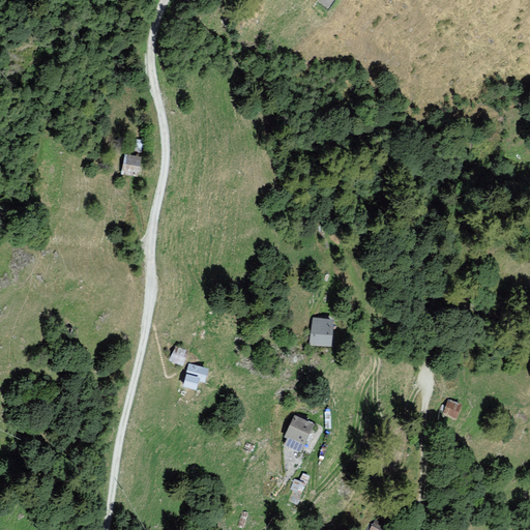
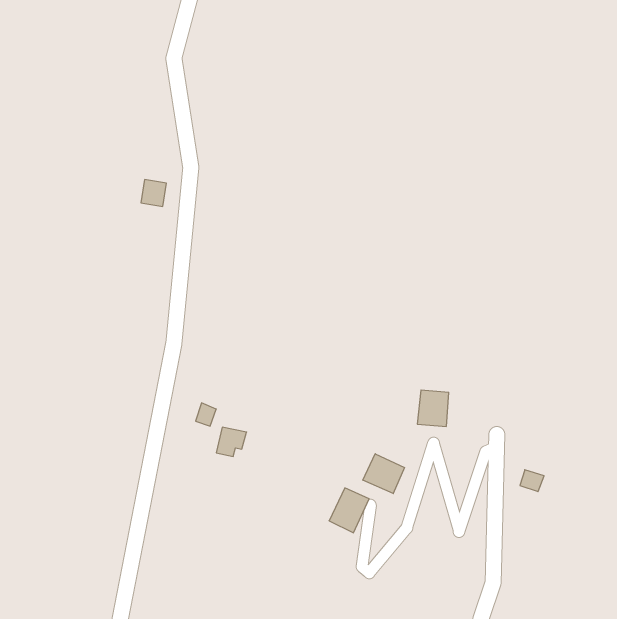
building: [307,316,334,347] -> [417,390,449,426]
building: none -> [363,454,405,494]

